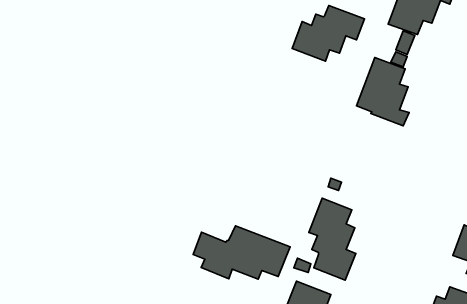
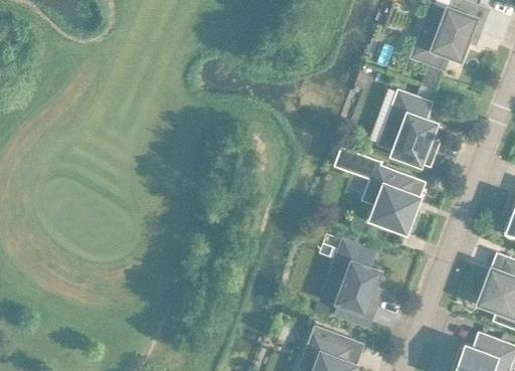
building: [292,6,364,61] -> none
building: none -> [340,149,422,229]
building: [193,226,290,279] -> none

